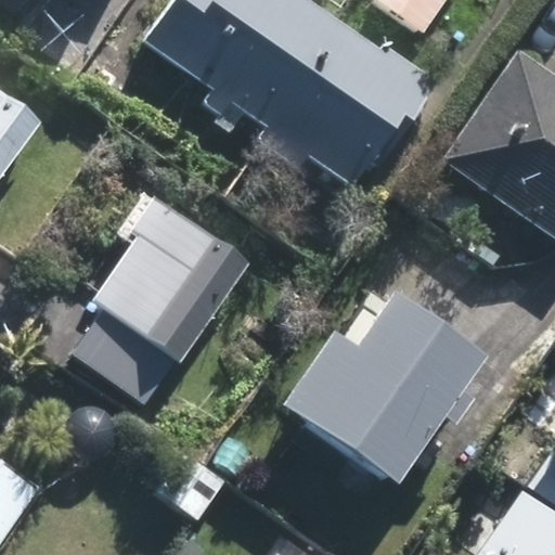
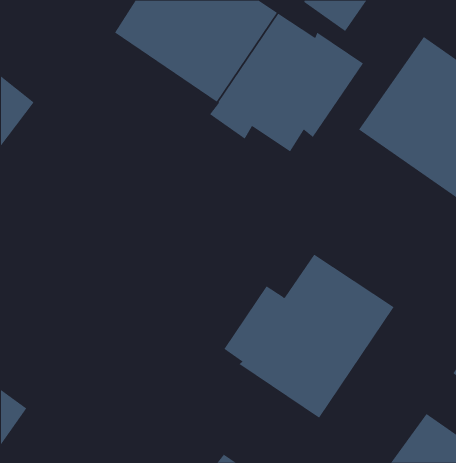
building: [72,184,247,395] -> none

